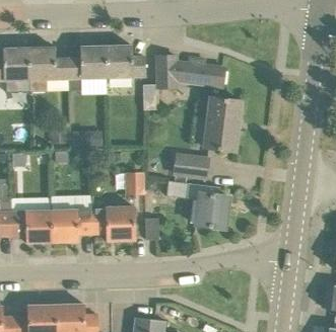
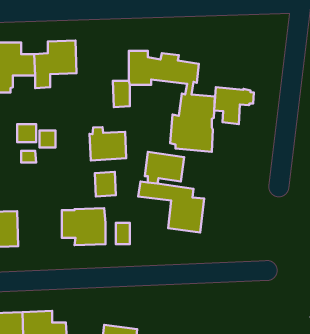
building: [107,46,145,77] -> none
building: none -> [214,87,254,124]
building: none -> [90,127,126,160]
building: [51,208,93,242] -> none

